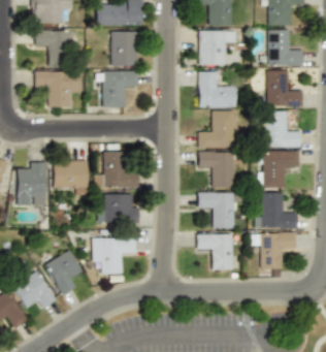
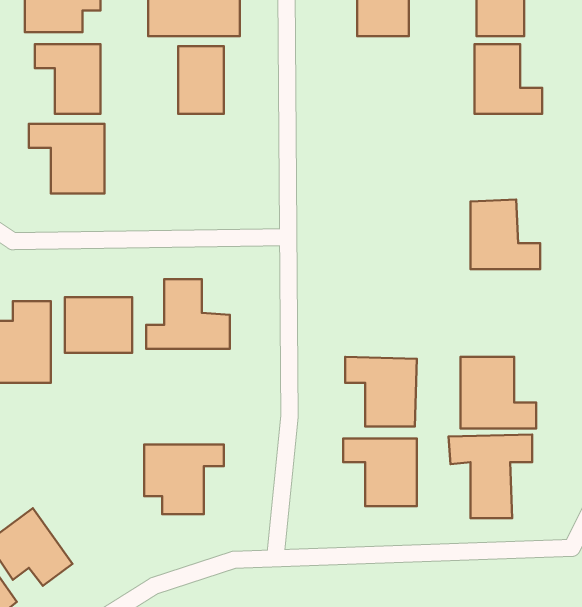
building: [198,29,234,66] -> none
building: [102,70,138,107] -> none
building: [265,70,300,106] -> none
building: [198,71,235,107] -> none
building: [198,111,234,148] -> none
building: [257,151,299,189] -> none
building: [198,152,234,188] -> none
building: [101,194,137,224] -> none
building: [44,250,83,295] -> none

